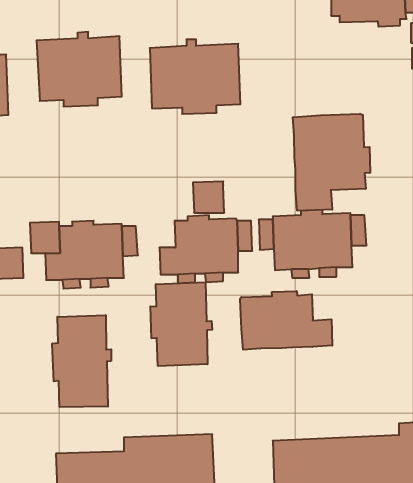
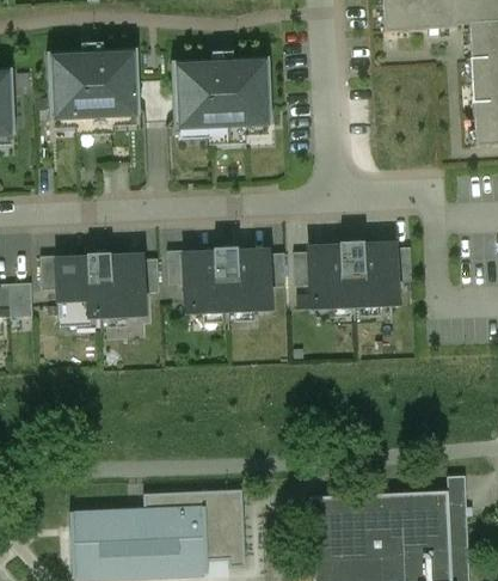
building: [293,114,370,211] -> none
building: [193,181,224,213] -> [167,247,202,282]
building: [150,282,212,366] -> none
building: [240,291,332,350] -> none
building: [52,315,111,407] -> none

